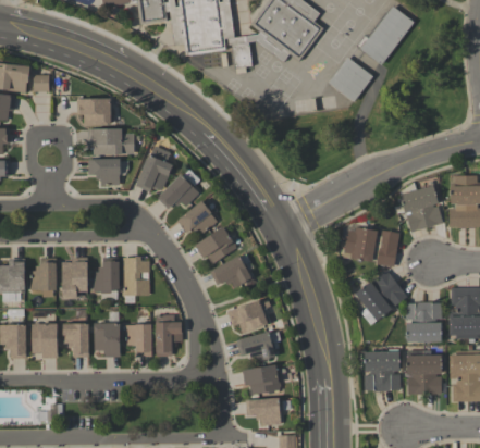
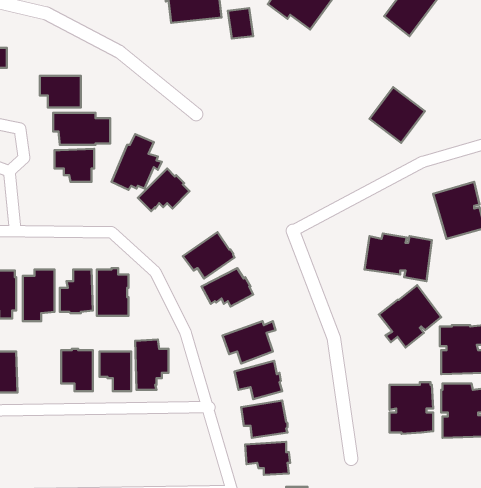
building: [327,57,372,102] -> [369,87,425,143]
building: [176,200,217,233] -> none
building: [62,322,88,357] -> none

